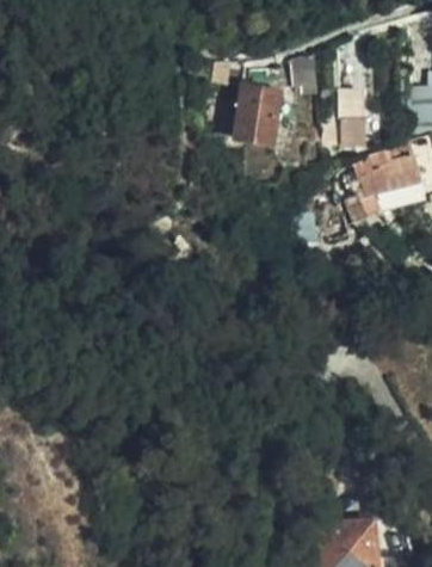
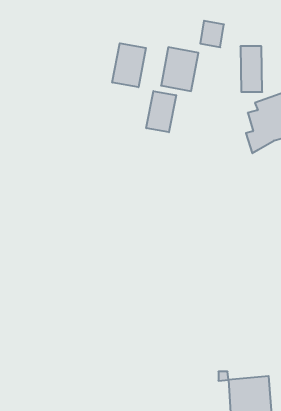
building: none -> [112,43,146,87]
building: none -> [146,91,176,132]

